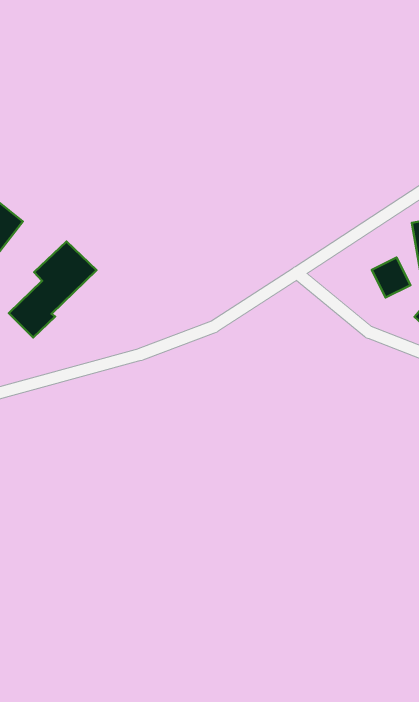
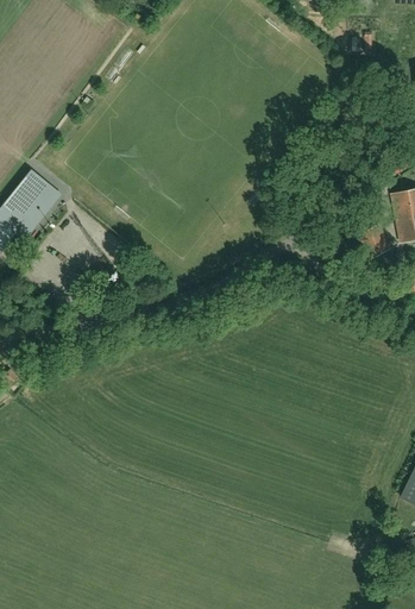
building: [9,241,97,338] -> none

